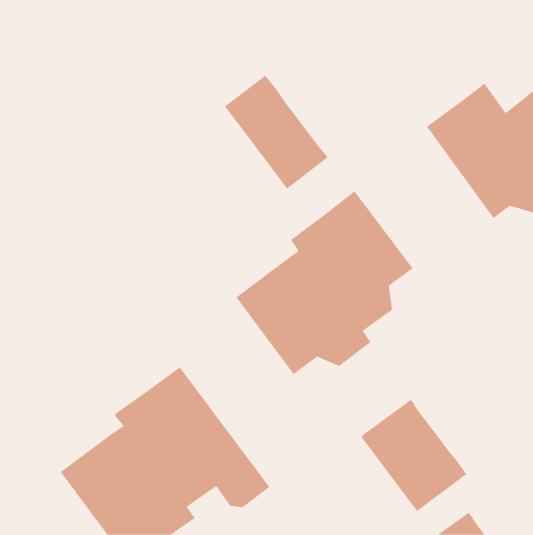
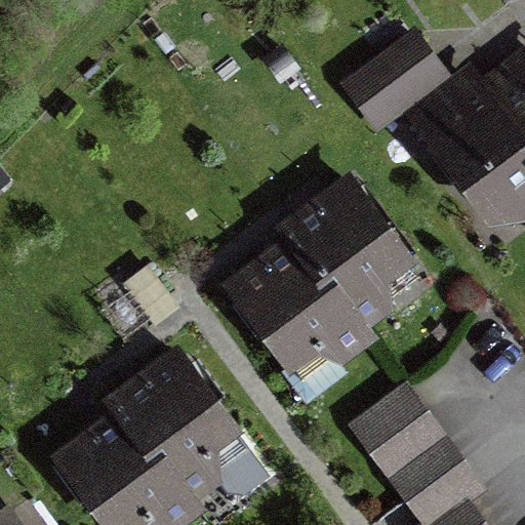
building: none -> [348,39,442,125]
building: [224,75,328,190] -> none

